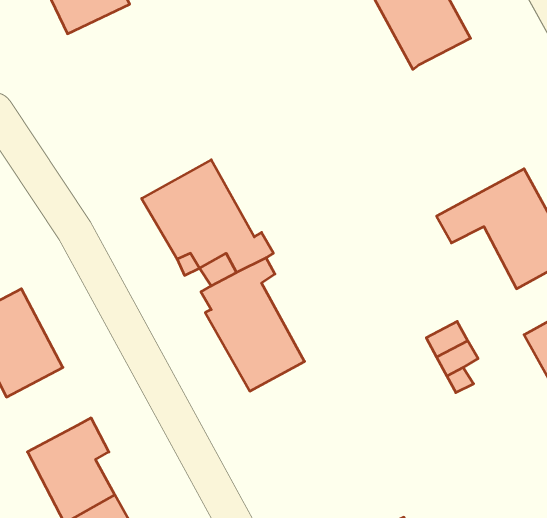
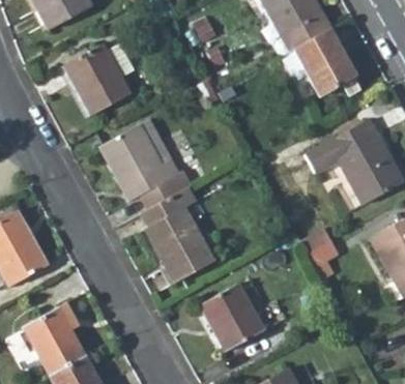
building: none -> [294,33,356,99]
building: none -> [62,41,129,112]
building: none -> [199,283,264,350]

